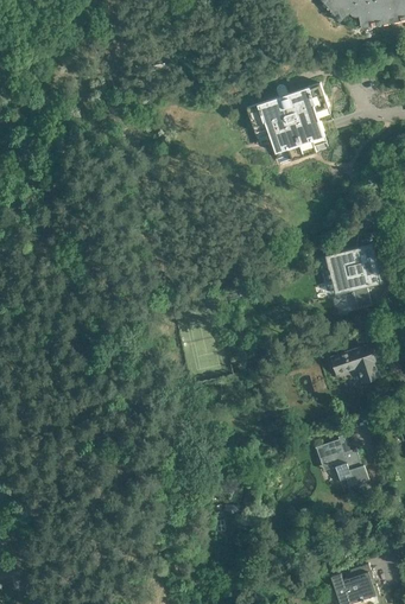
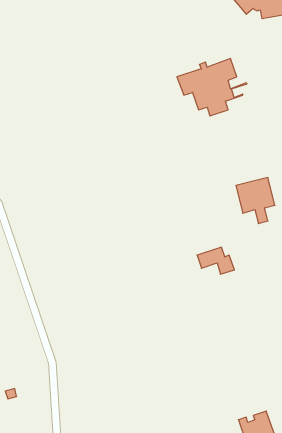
building: [329,345,380,382] -> [197,247,234,274]
building: [315,433,368,487] -> none

